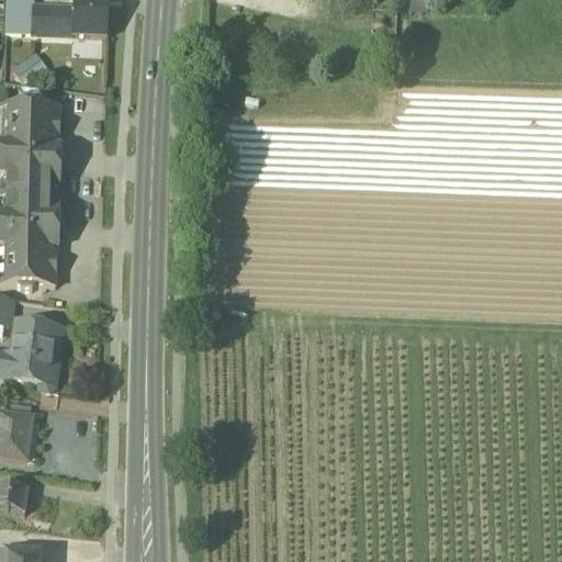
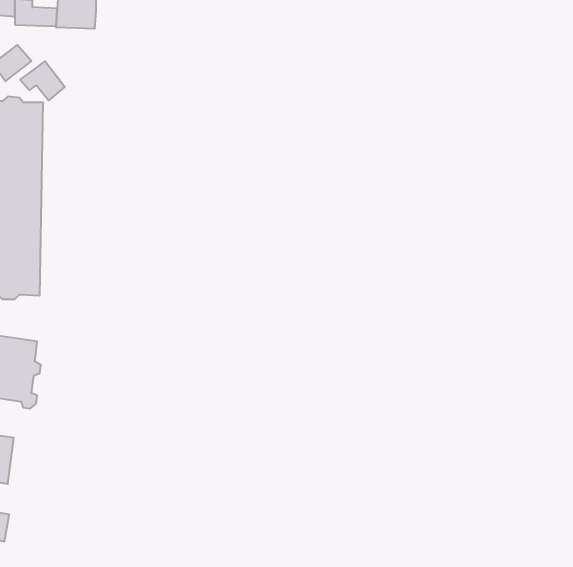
building: none -> [20,61,65,100]

